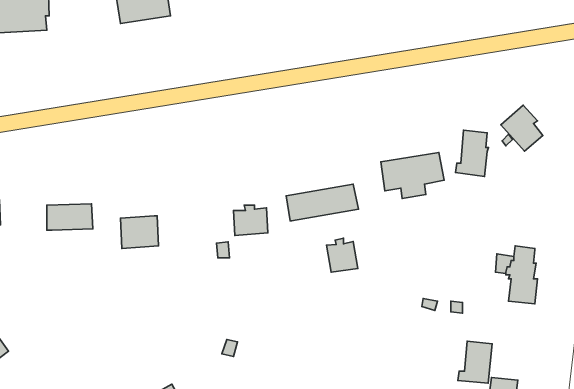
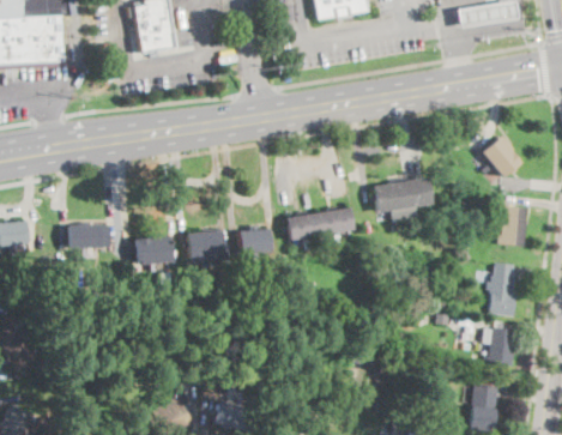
building: [455,130,488,176] -> [498,205,528,247]
building: none -> [188,230,224,260]
building: [326,238,358,272] -> none
building: [458,341,492,383] -> [484,327,515,365]

